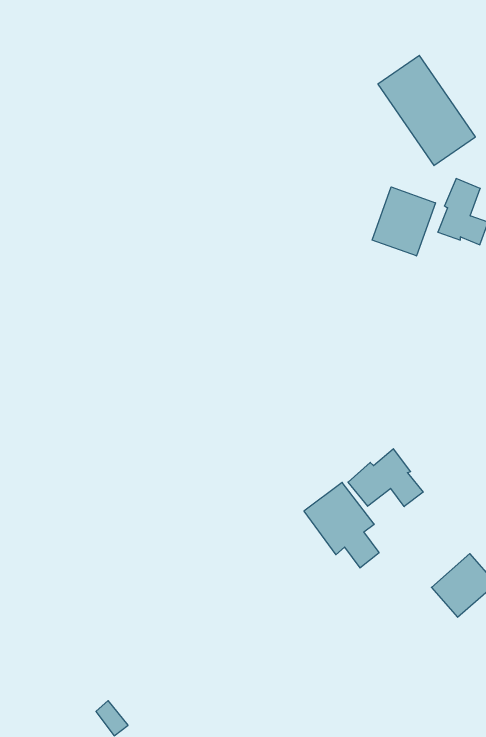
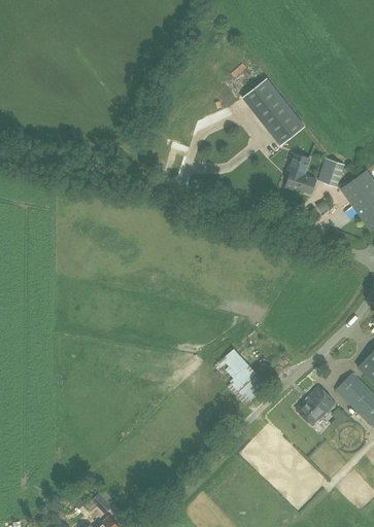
building: [372,187,435,256] -> none
building: [348,449,423,507] -> none

